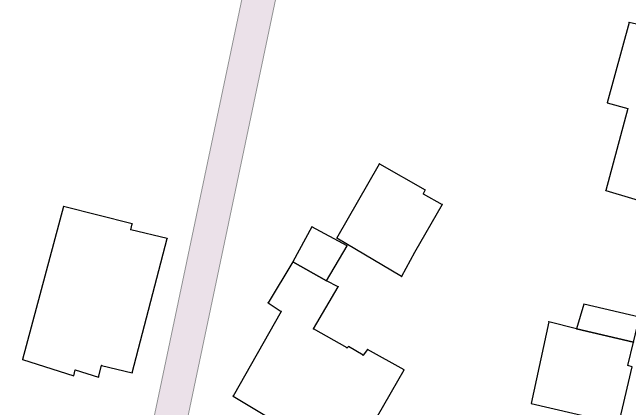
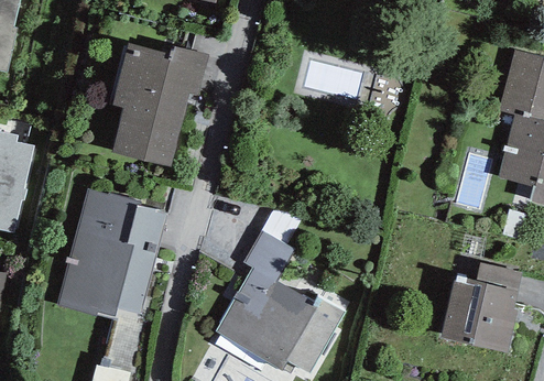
building: none -> [111,43,208,166]
building: [337,164,442,277] -> none

